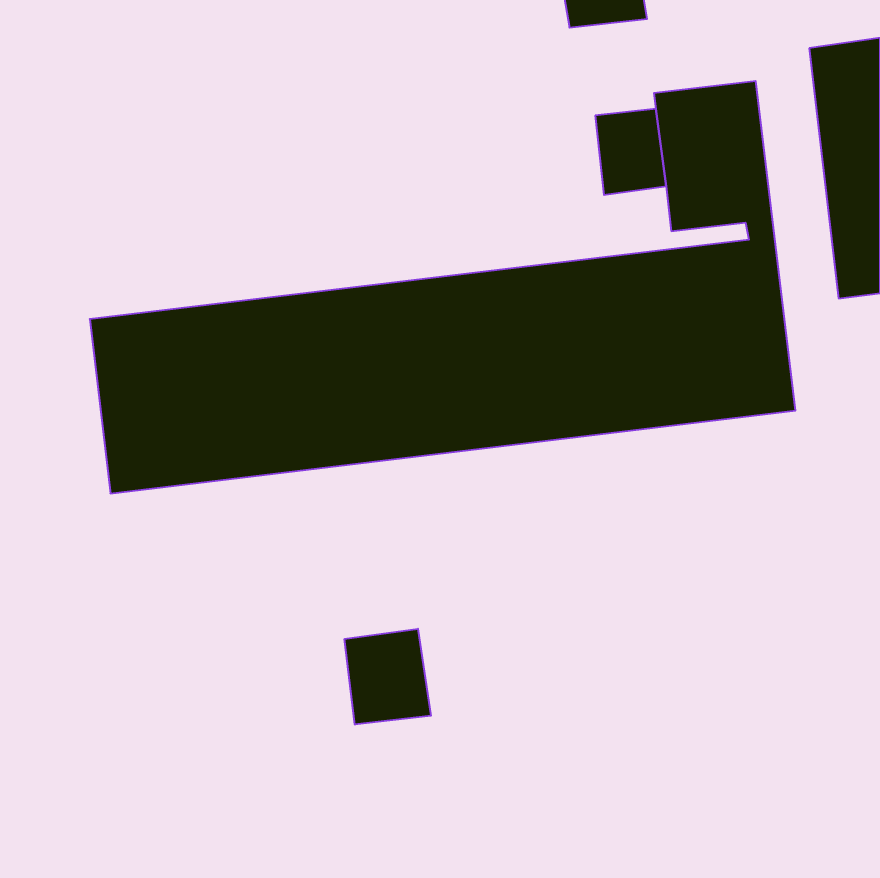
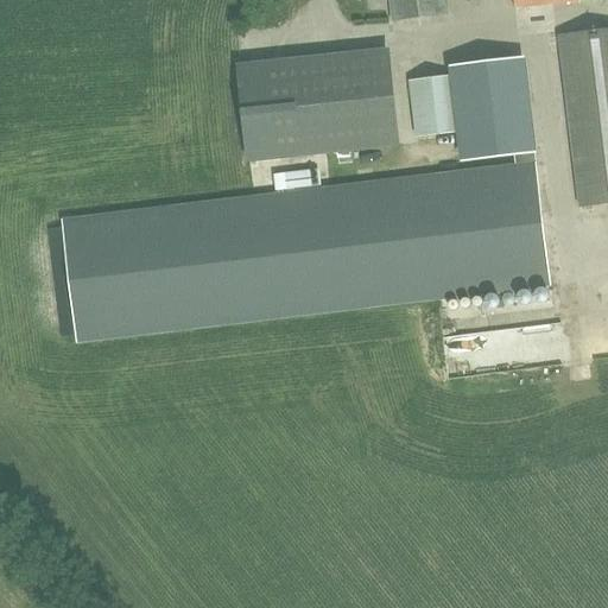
building: none -> [239,49,395,158]
building: [345,629,431,725] -> none

